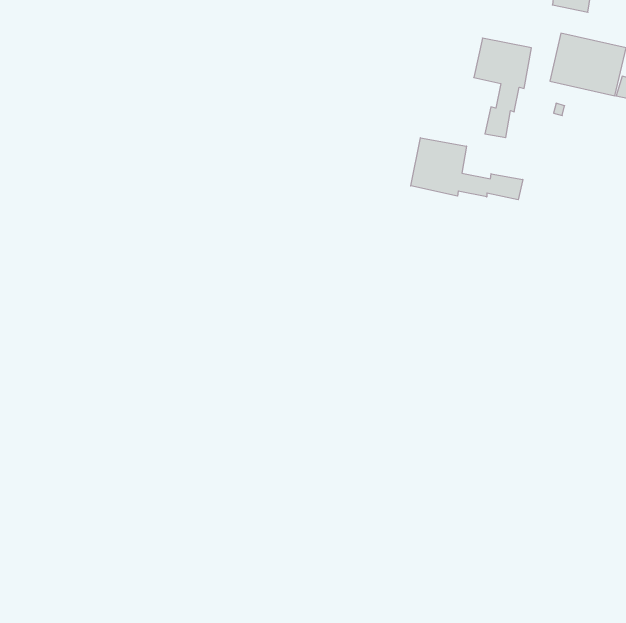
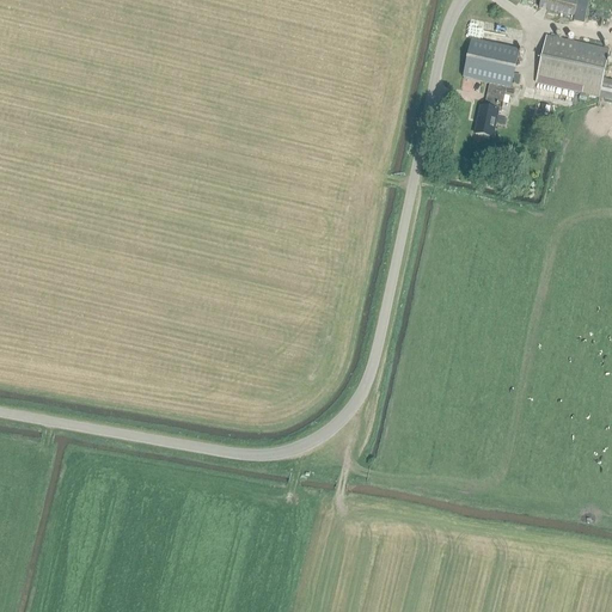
building: [411,138,523,200] -> none

